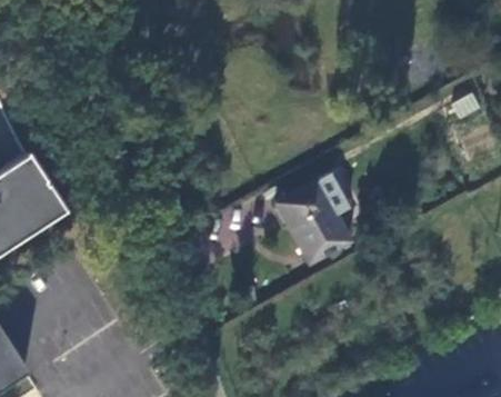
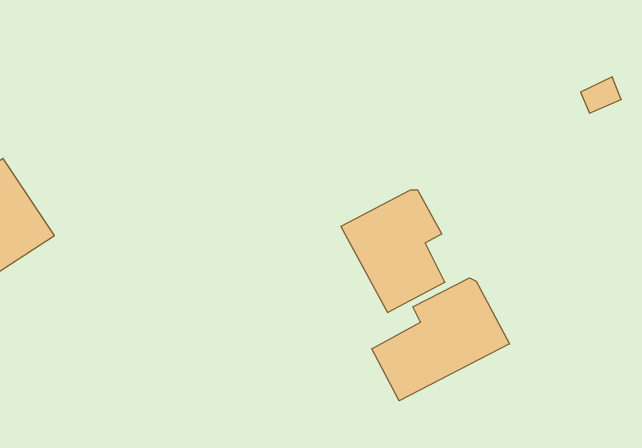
building: none -> [372,278,510,401]

